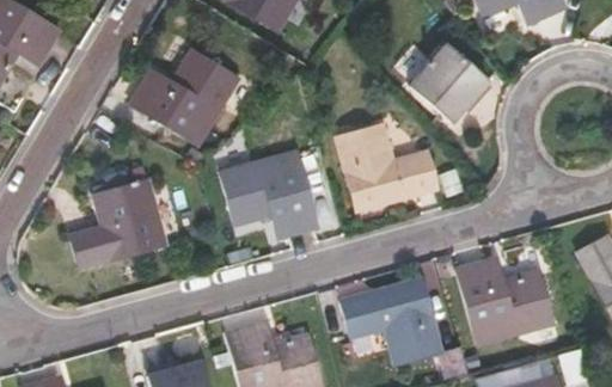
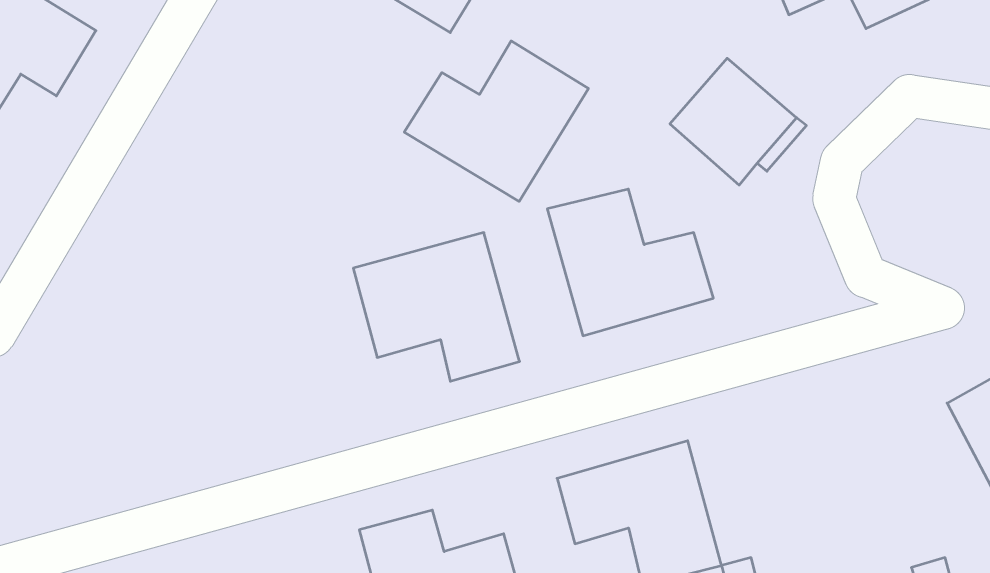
building: [128,49,239,146] -> [404,41,588,201]
building: [71,180,164,268] -> none
building: [454,256,555,344] -> none

